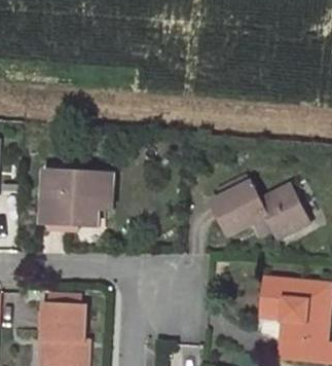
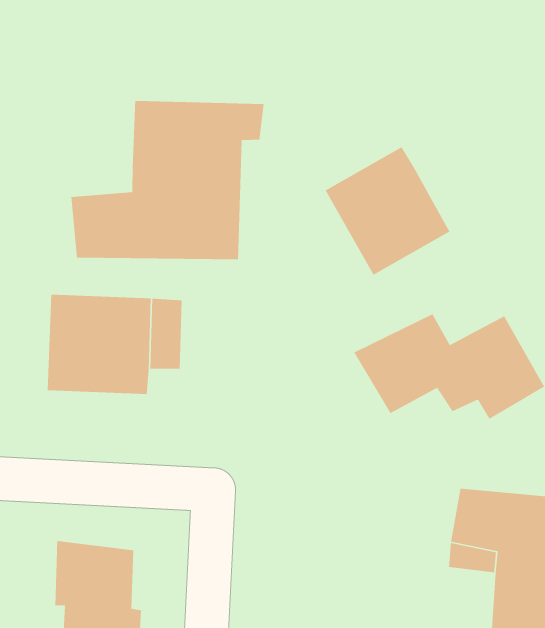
building: none -> [71,100,265,260]
building: none -> [324,146,451,276]

